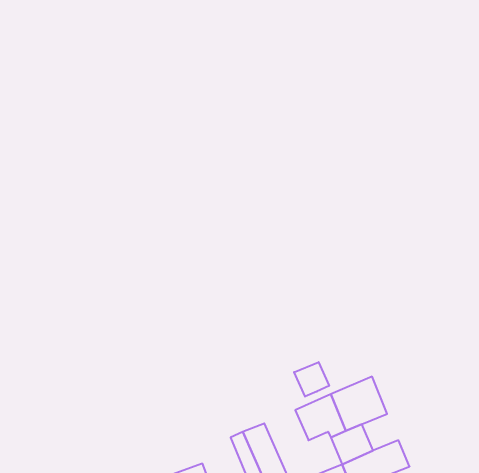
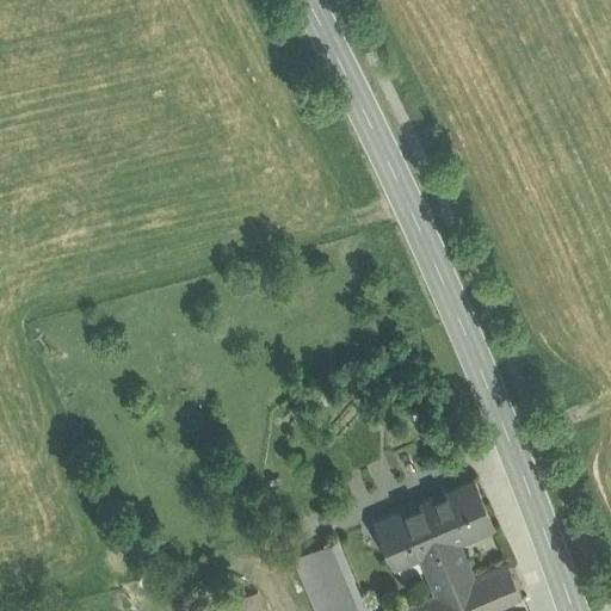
building: [294,362,329,397] -> none

